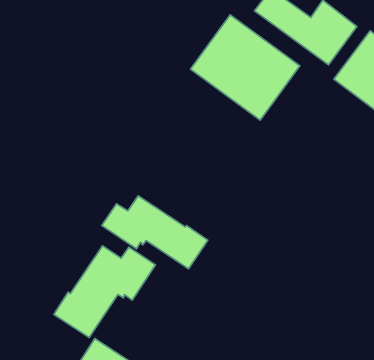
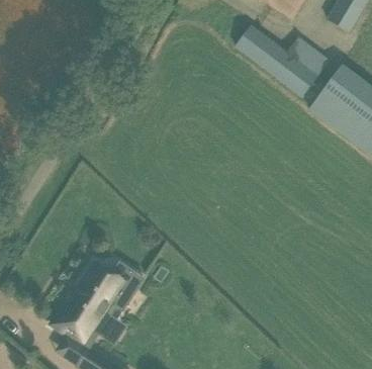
building: [191,15,300,120] -> none
building: [102,196,208,269] -> none

